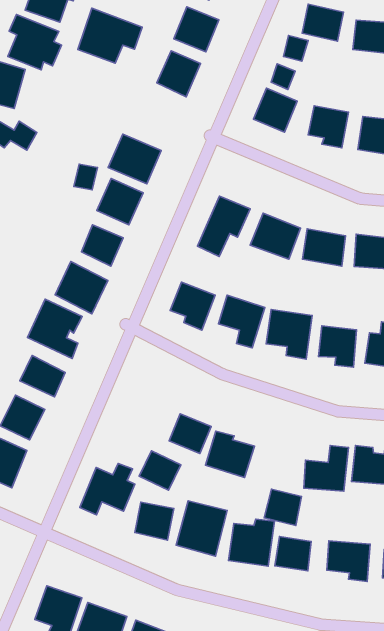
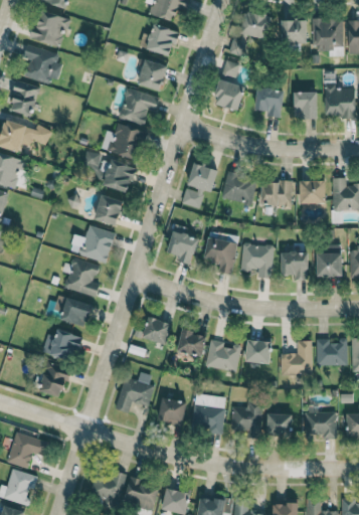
building: [78,8,142,63] -> [116,85,162,125]
building: [139,451,181,490] -> [142,316,172,344]
building: [264,489,302,525] -> [244,339,271,364]

